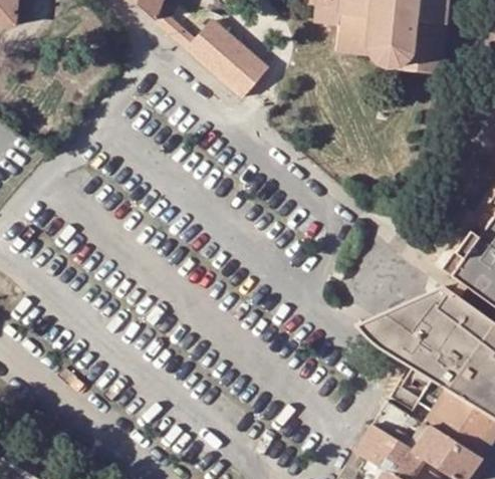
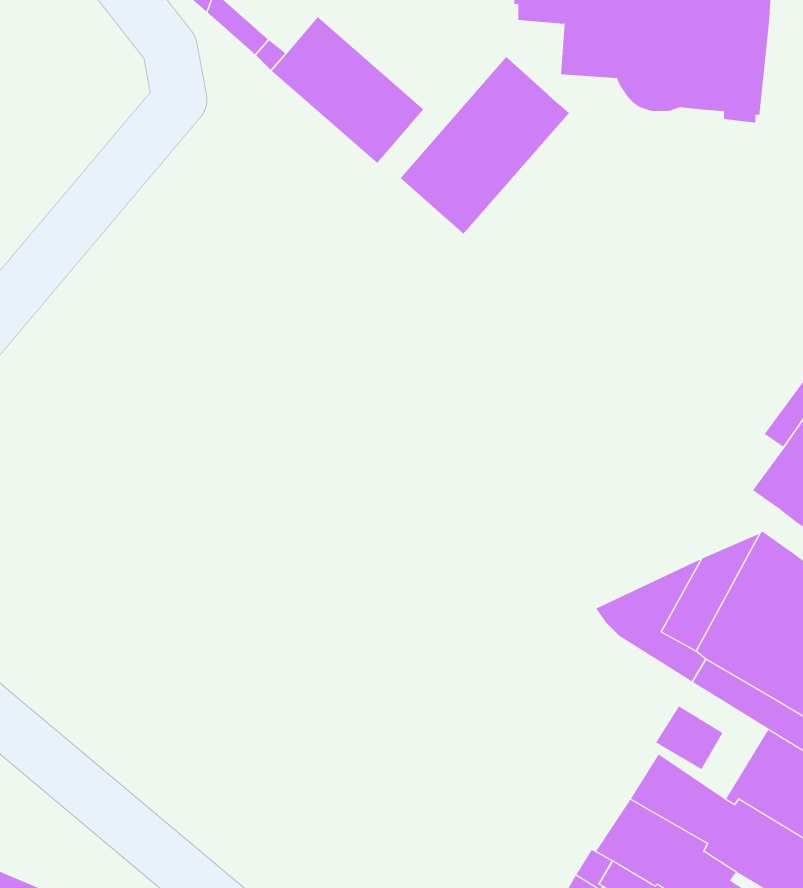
building: none -> [400,56,570,235]

